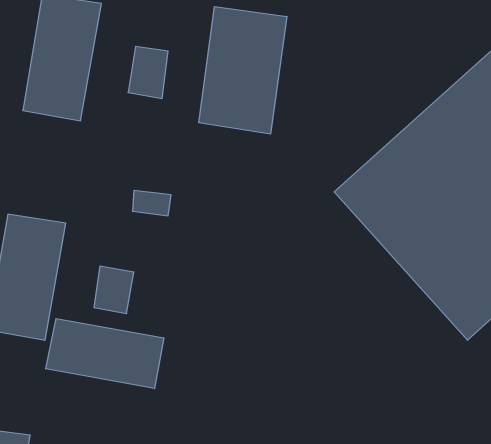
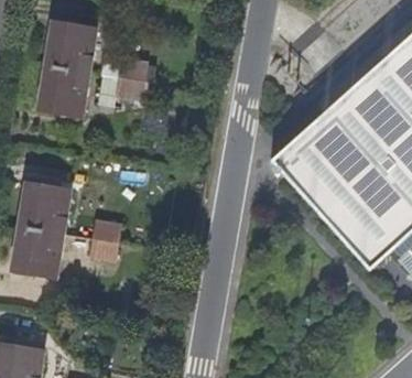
building: [199,7,287,134] -> none
building: [46,319,164,389] -> none

